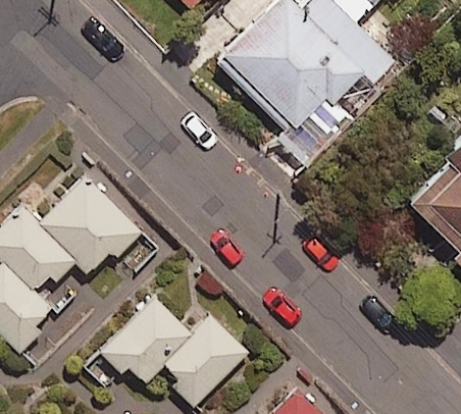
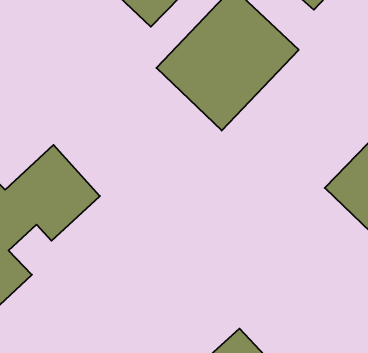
building: [99,291,255,405] -> none

